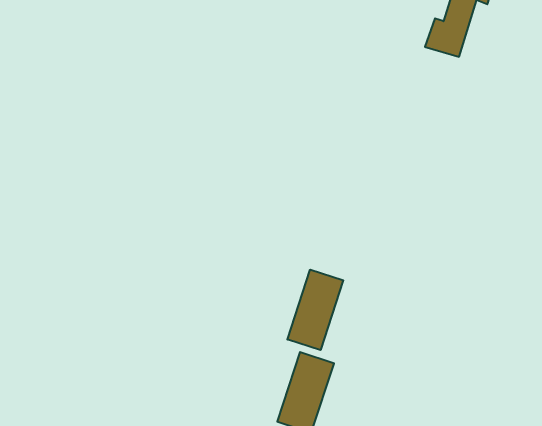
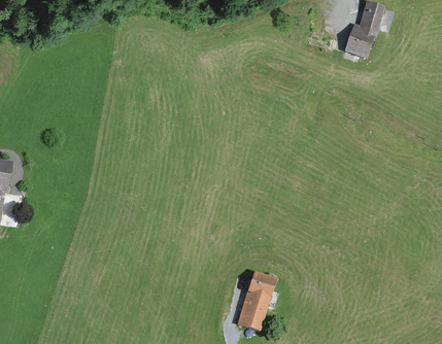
building: [287,270,343,350] -> none

